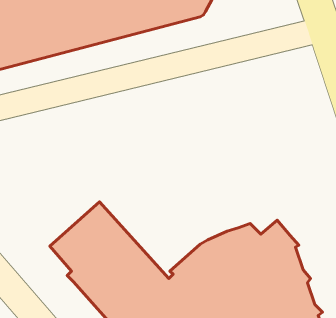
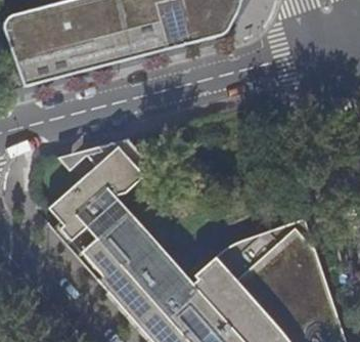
building: none -> [49,139,148,241]

